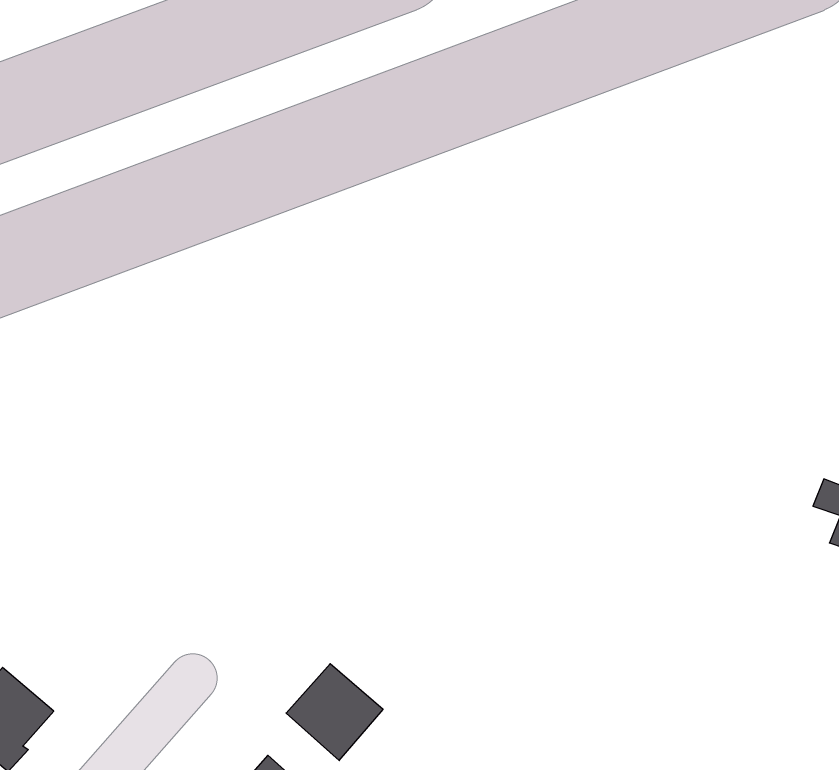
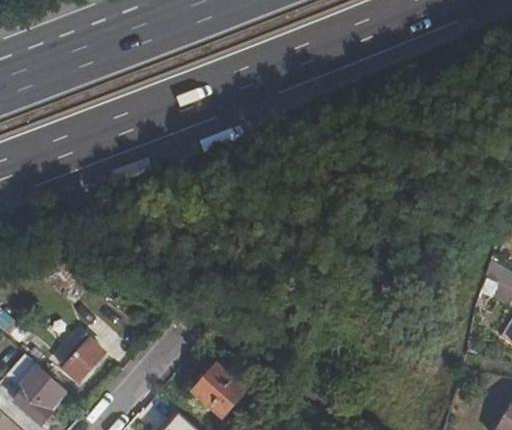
building: none -> [64,341,105,383]

